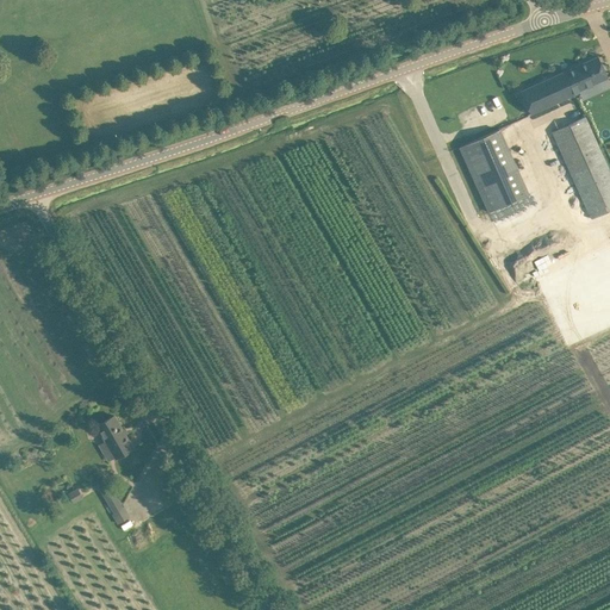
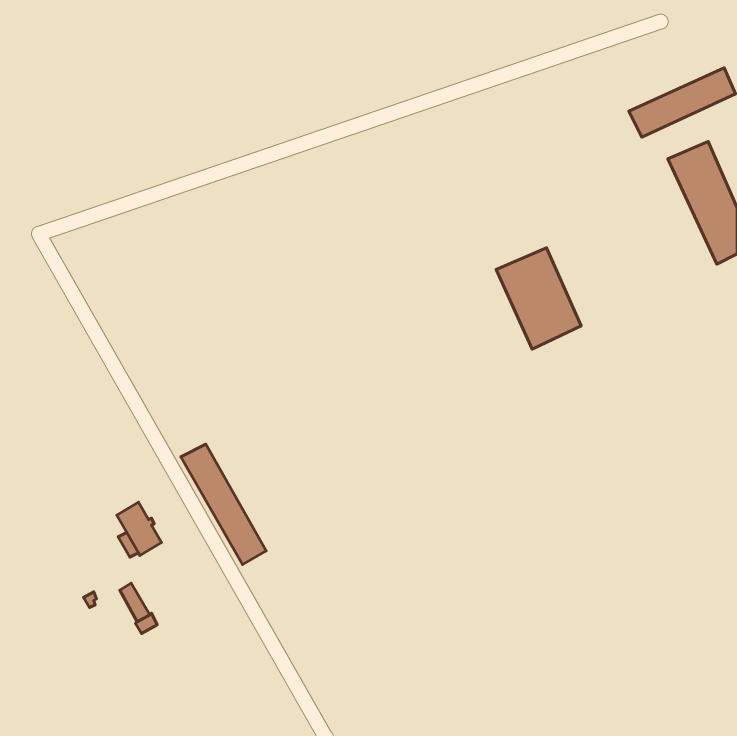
building: [459,130,529,213] -> [496,248,581,349]
building: none -> [181,444,266,565]

